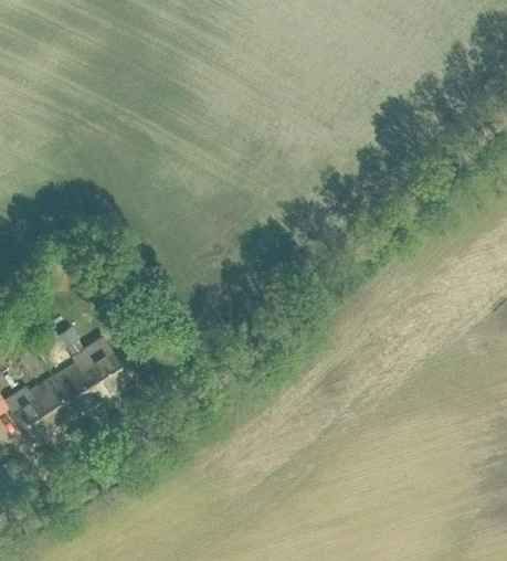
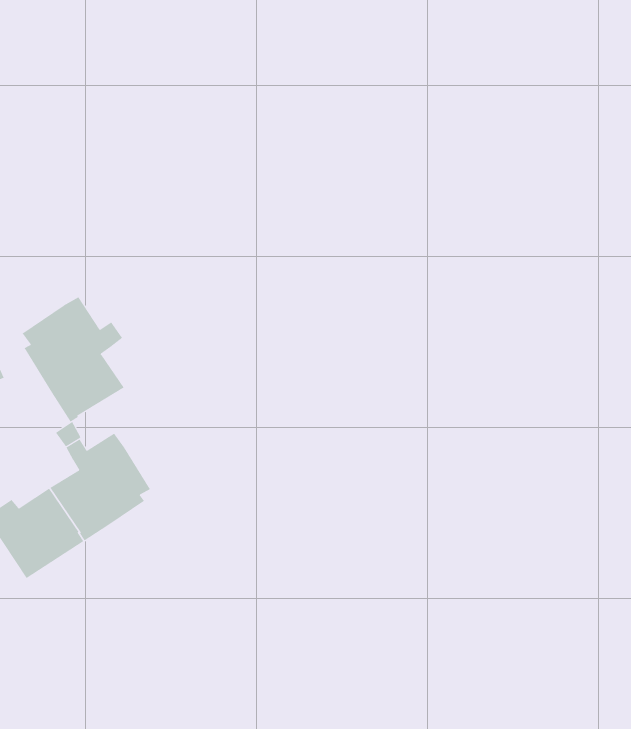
building: none -> [22,296,124,422]

